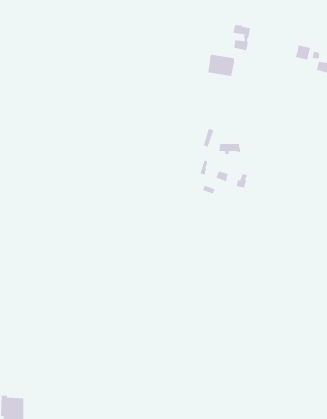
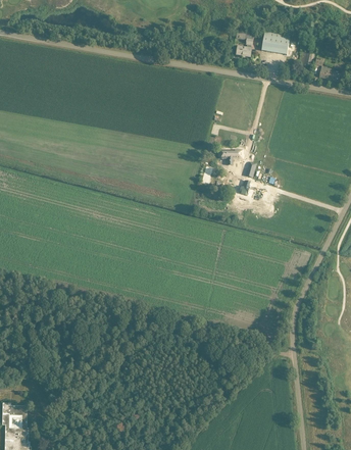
building: [207,54,235,76] -> [261,32,289,54]

